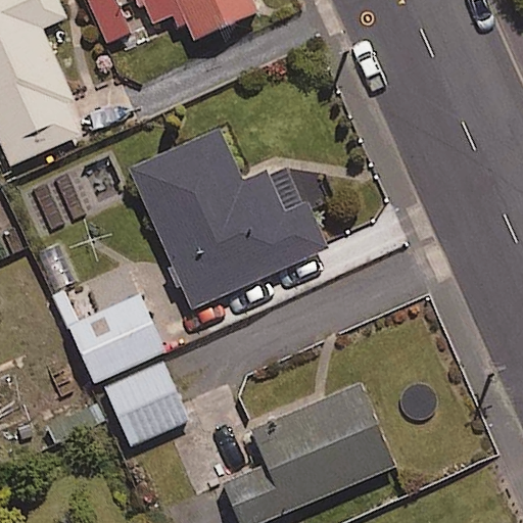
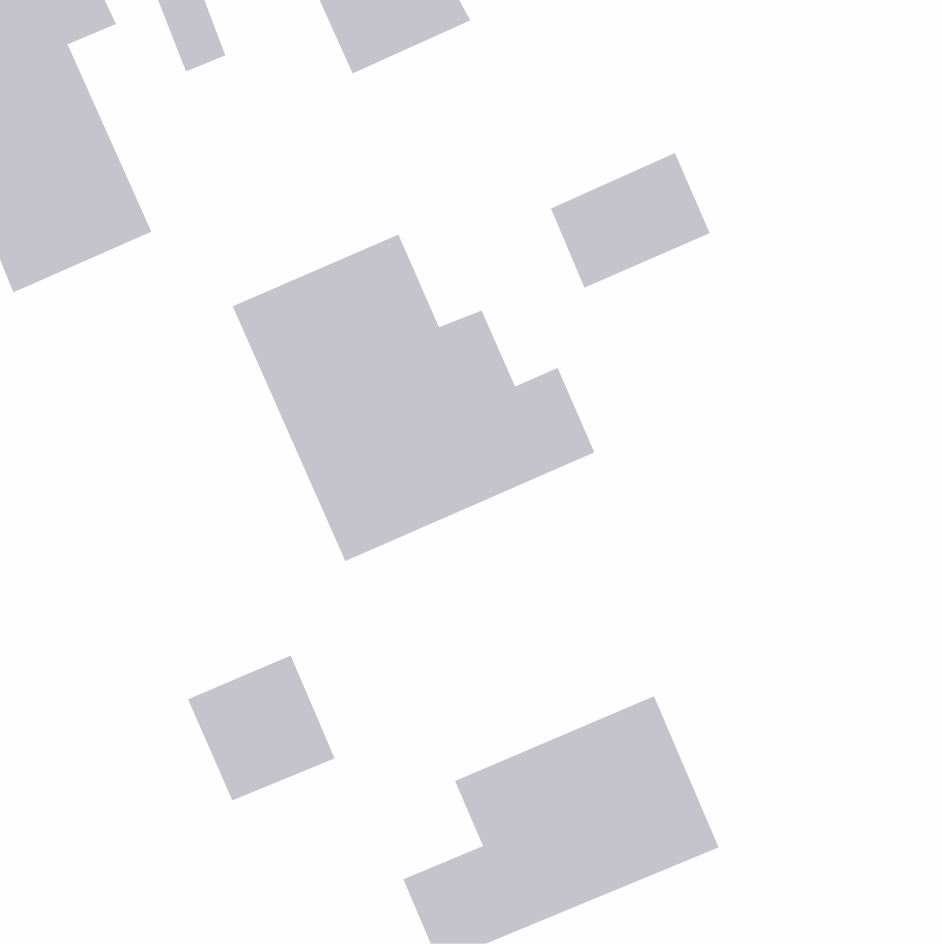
building: none -> [550,152,711,289]
building: [67,290,168,379] -> none

